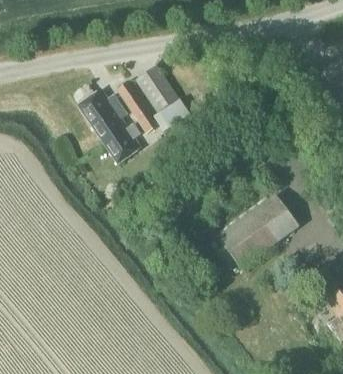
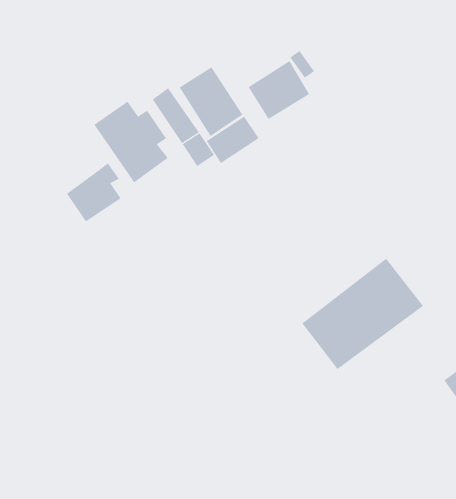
building: none -> [248,60,310,120]
building: [104,122,141,162] -> [66,162,121,222]

